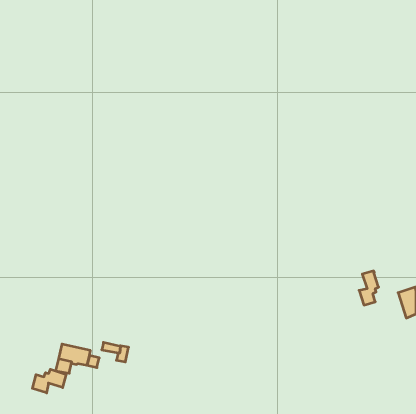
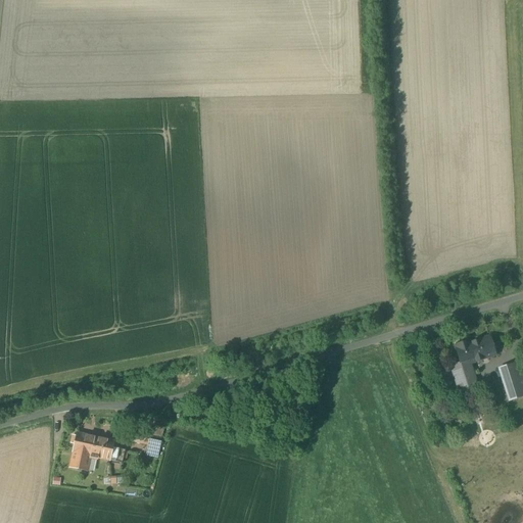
building: none -> [469,335,495,361]
building: [32,369,66,393] -> none

